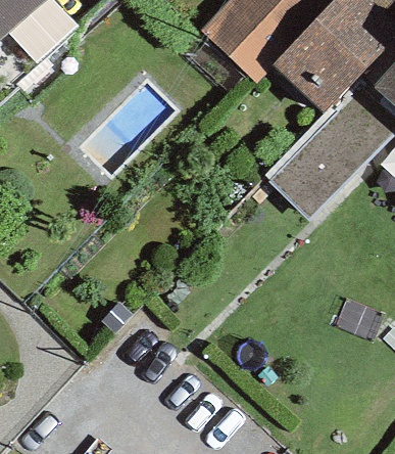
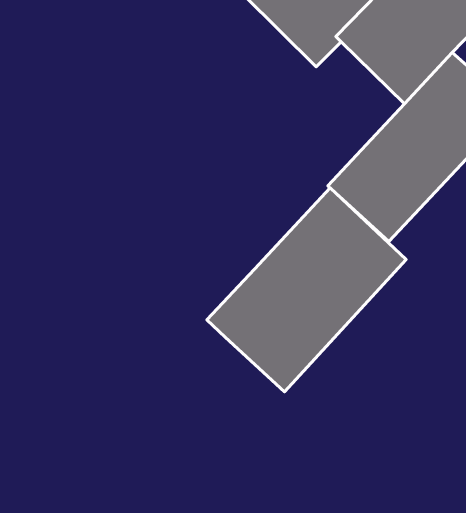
building: none -> [207,188,406,392]

